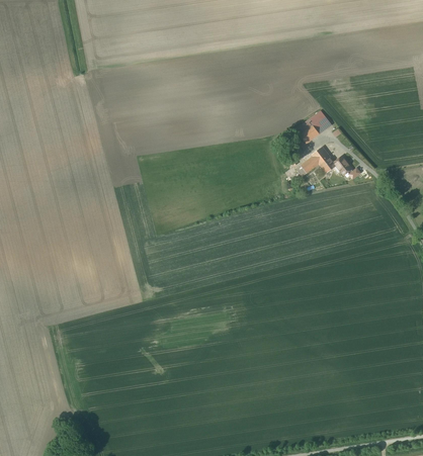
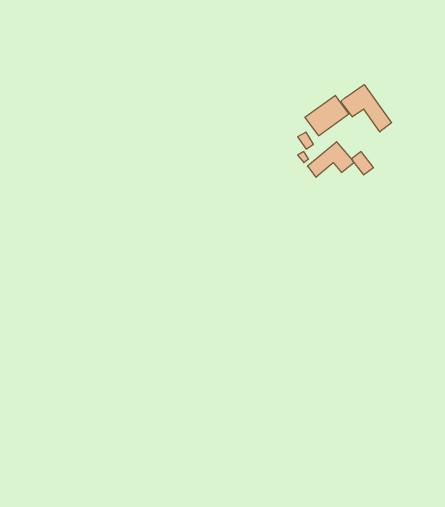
building: none -> [341,85,392,132]

